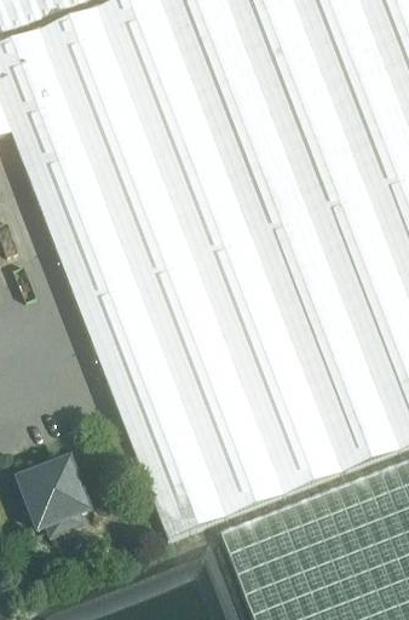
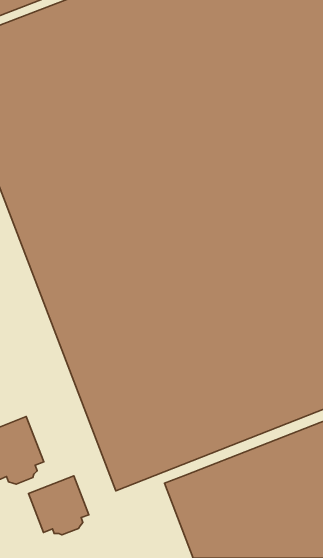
building: none -> [28,476,89,535]

